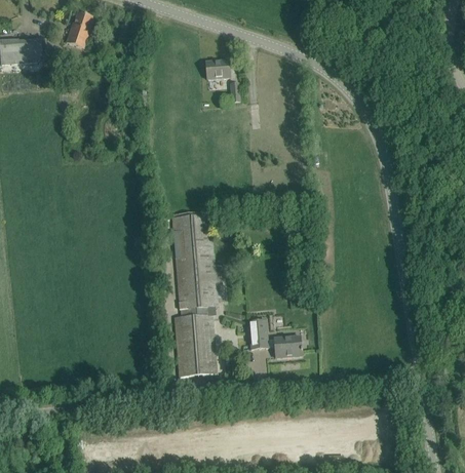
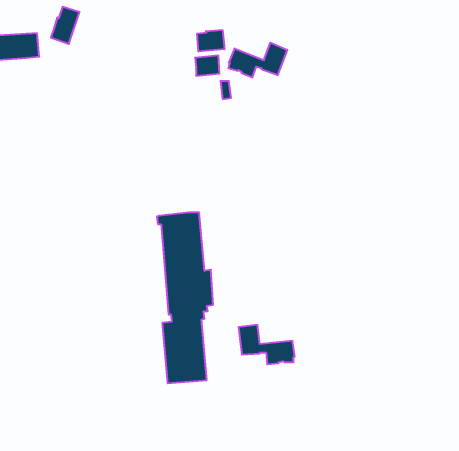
building: none -> [197,30,224,52]
building: none -> [229,43,287,78]

